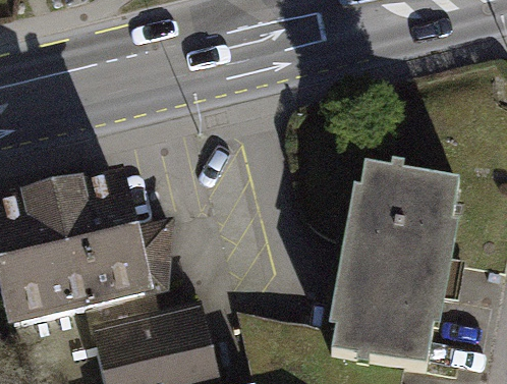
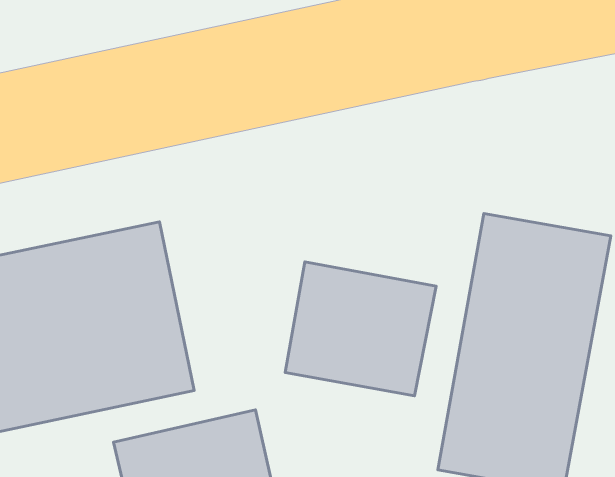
building: none -> [285,262,436,396]

